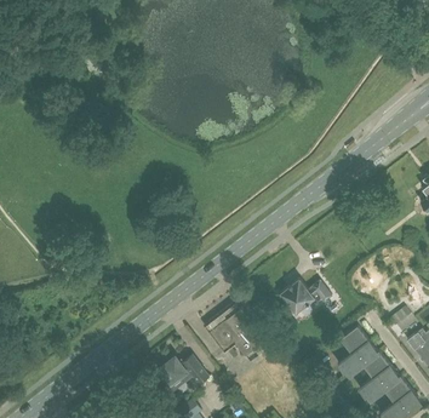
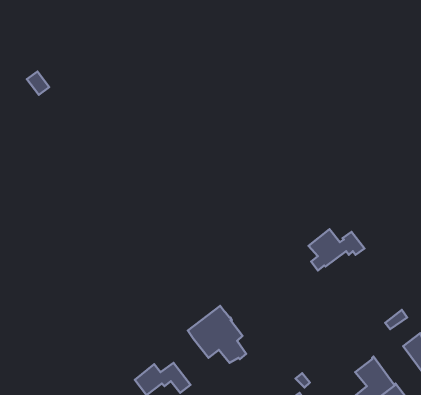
building: [280,279,332,317] -> [309,229,364,271]
building: [338,326,378,374] -> none

